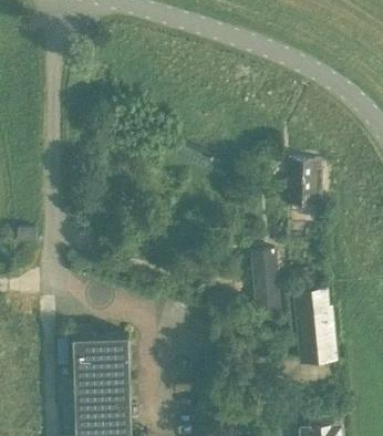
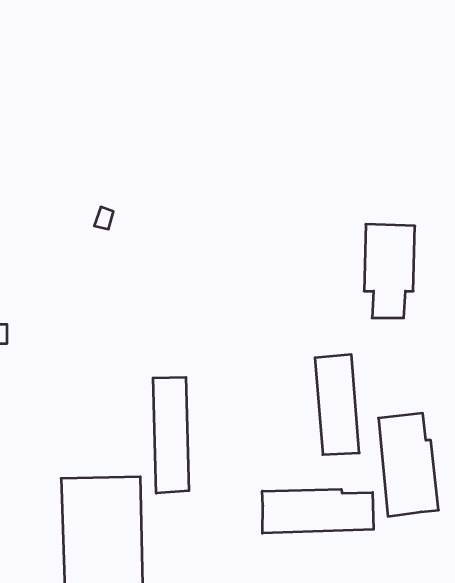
building: none -> [153,377,189,493]
building: none -> [262,489,374,533]

